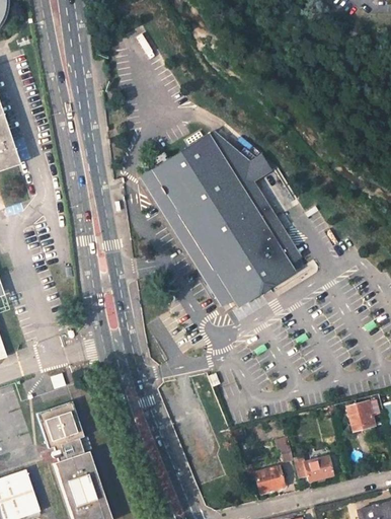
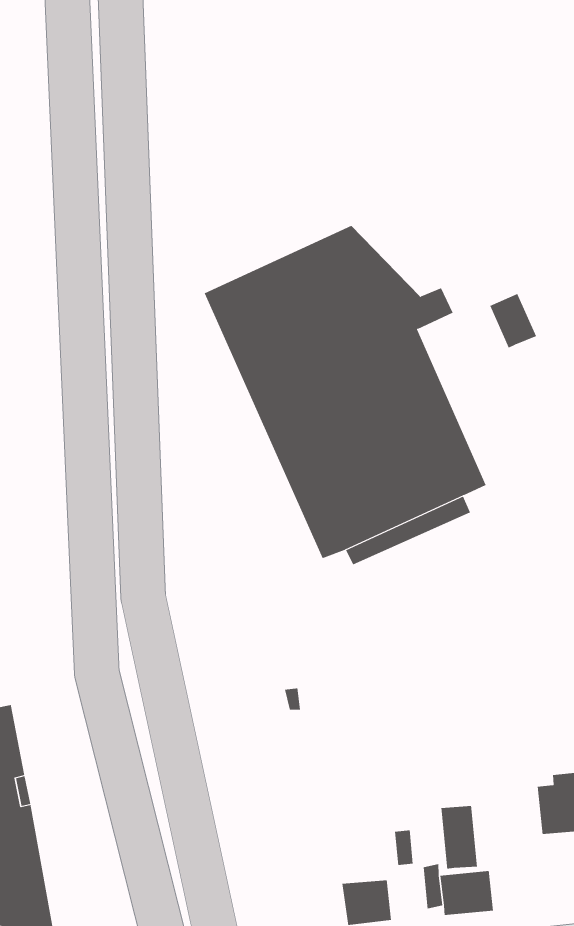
building: none -> [489,293,537,349]
building: none -> [441,805,477,870]

